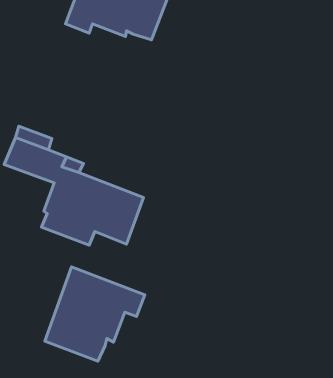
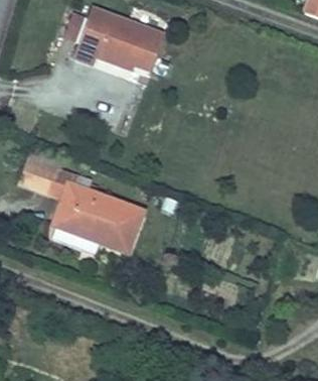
building: [45,267,145,361] -> none

